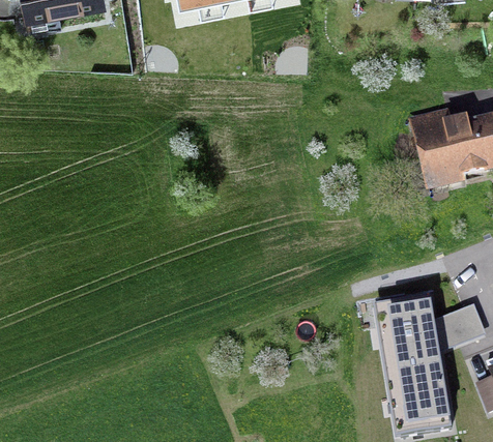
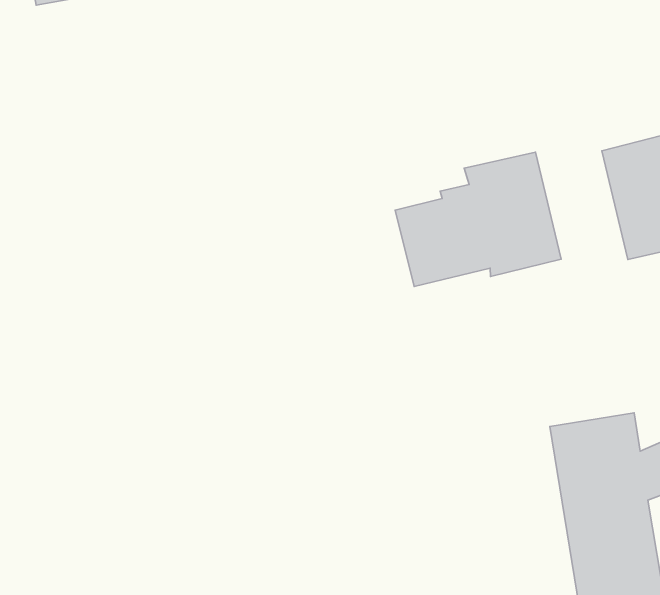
building: none -> [395,152,561,287]

